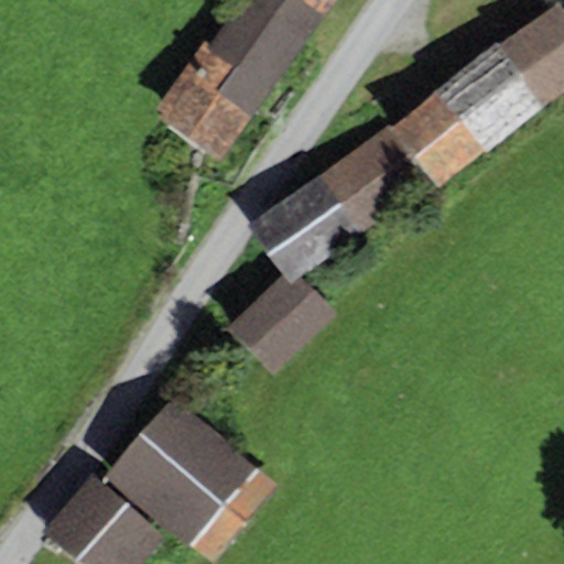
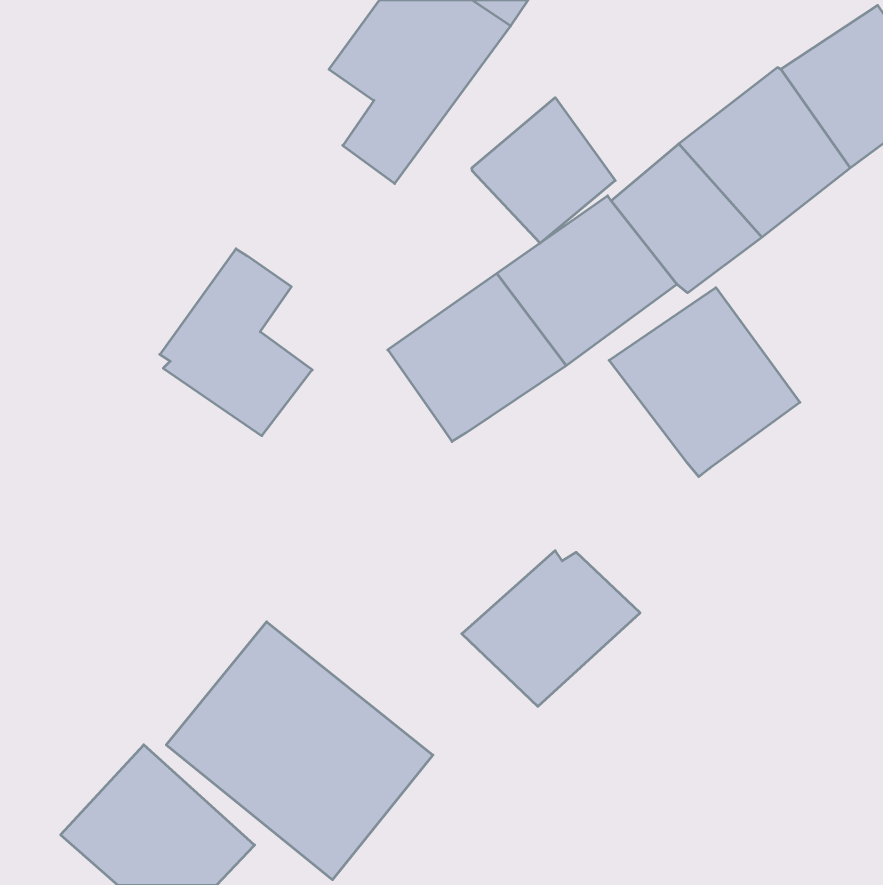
building: [155,40,252,159] -> [160,249,312,436]
building: none -> [472,98,615,243]
building: none -> [609,288,800,477]
building: [225,274,338,373] -> [462,551,640,706]

